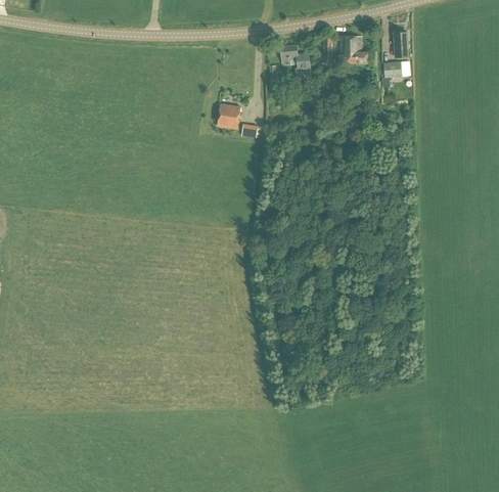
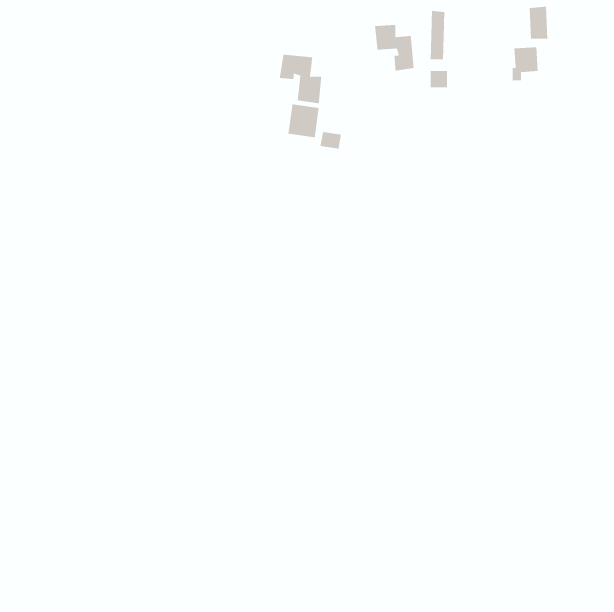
building: [337,36,367,62] -> none
building: none -> [279,54,322,104]

